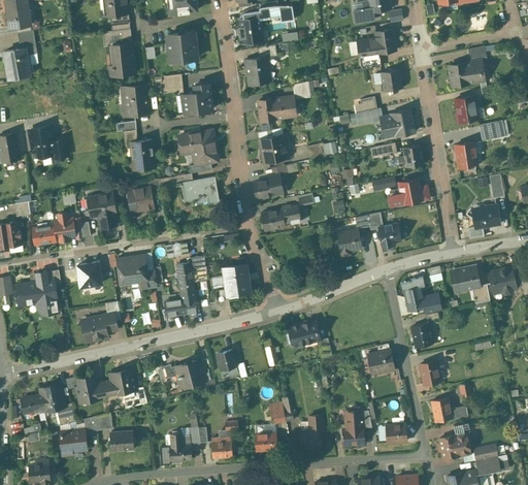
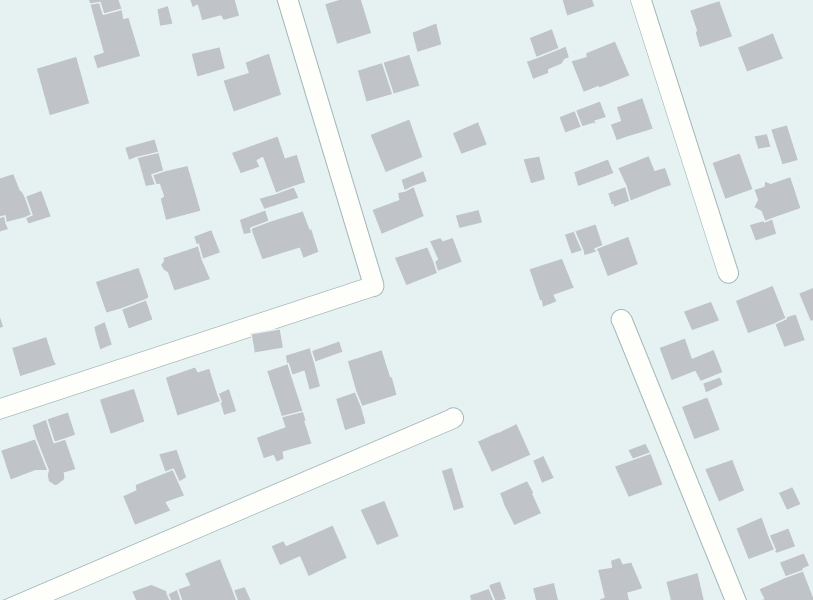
building: [120,84,147,116] -> [36,56,90,116]
building: [454,141,475,167] -> [711,152,754,200]
building: [53,213,74,240] -> none
building: none -> [499,480,542,526]

